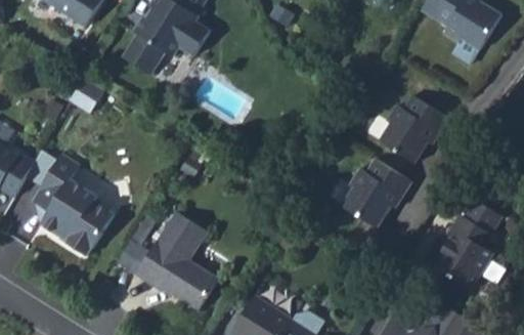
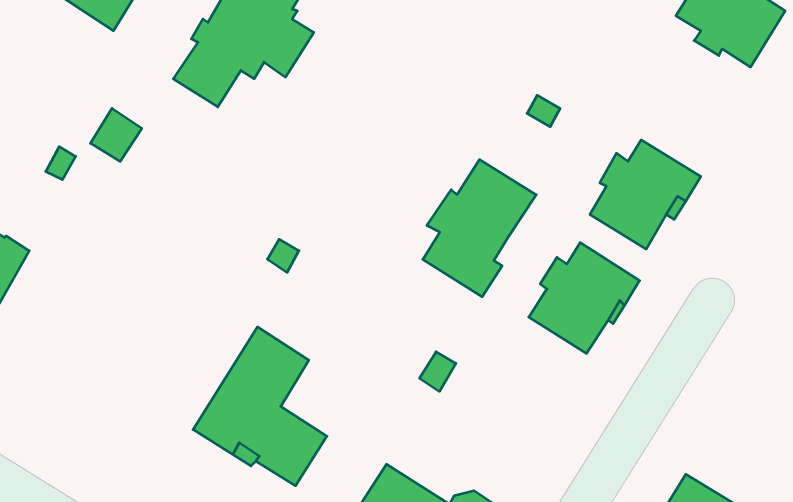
building: none -> [423,160,536,297]
building: [31,154,114,256] -> none
building: [431,200,500,290] -> none

